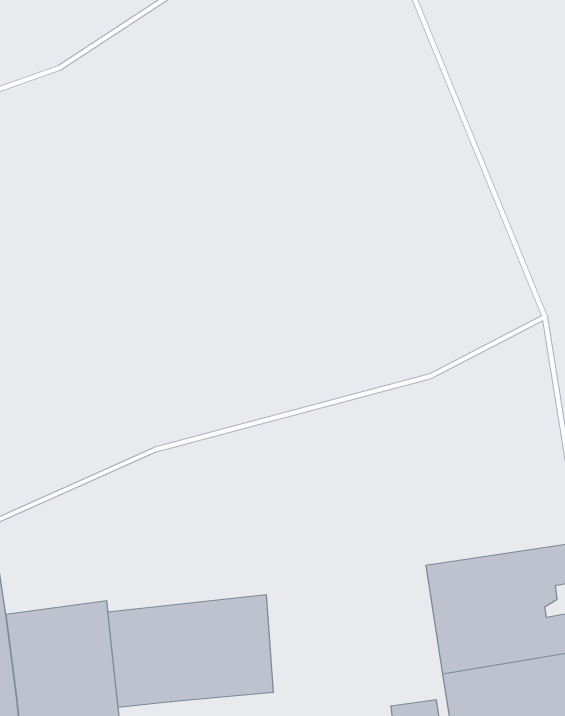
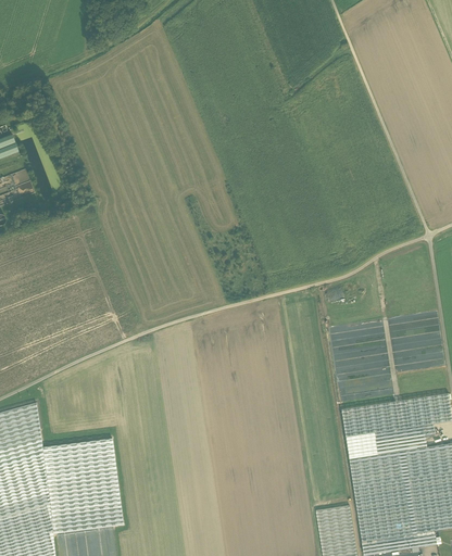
building: [108,595,273,708] -> none

